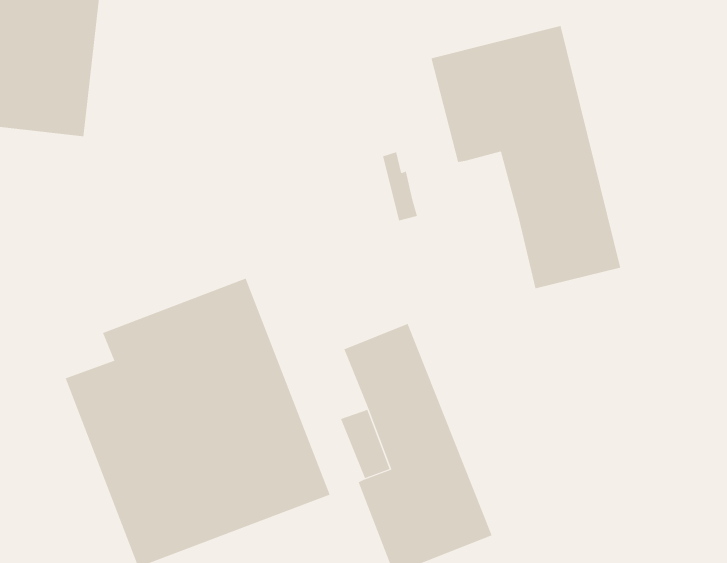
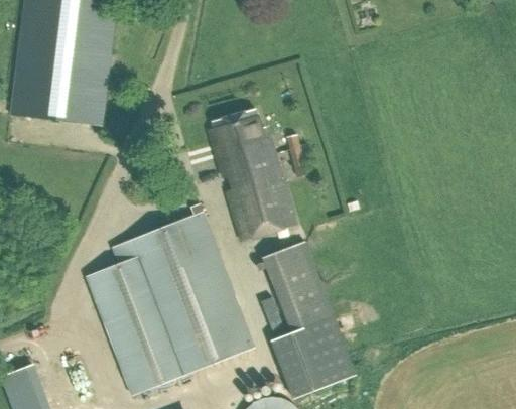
building: [431,25,621,289] -> none
building: none -> [208,108,294,239]

